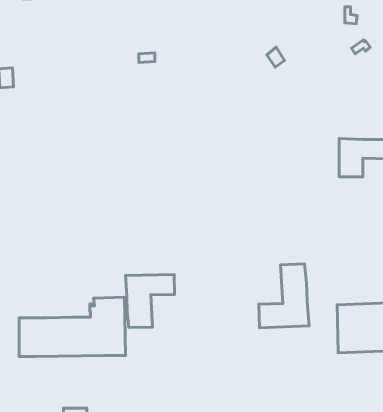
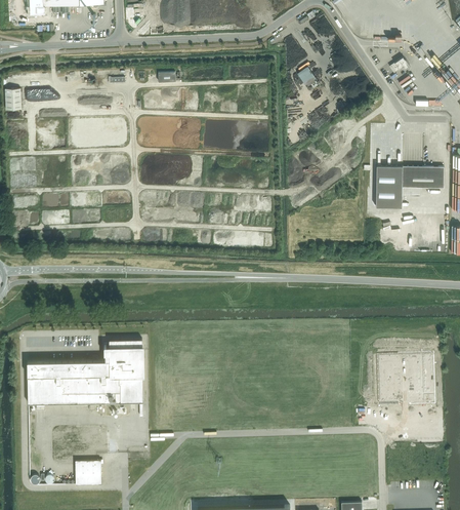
building: [259,264,309,328] -> none
building: [125,275,174,328] -> none

